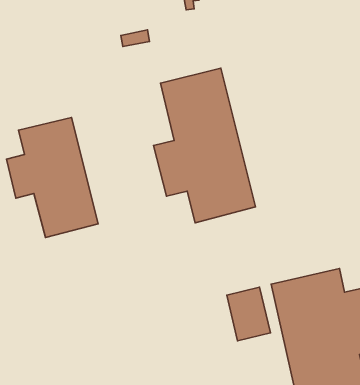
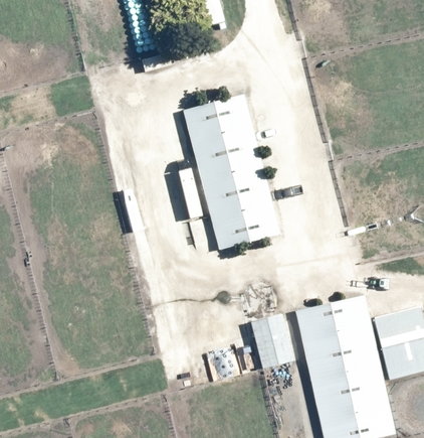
building: [6,118,98,237] -> none

